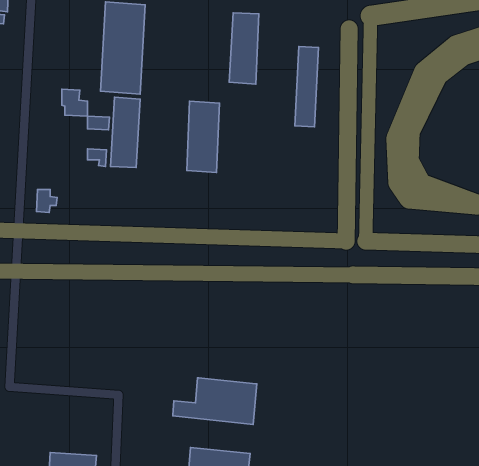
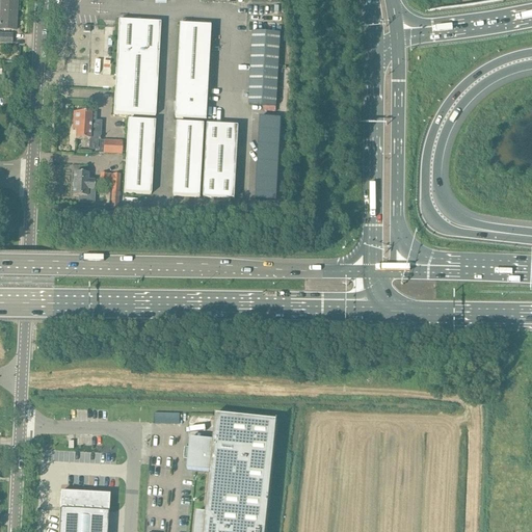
building: none -> [176,22,212,116]
building: [295,46,319,127] -> [254,114,278,198]
building: none -> [174,121,204,194]
building: [36,190,57,212] -> [73,170,95,194]
building: none -> [187,451,273,490]

